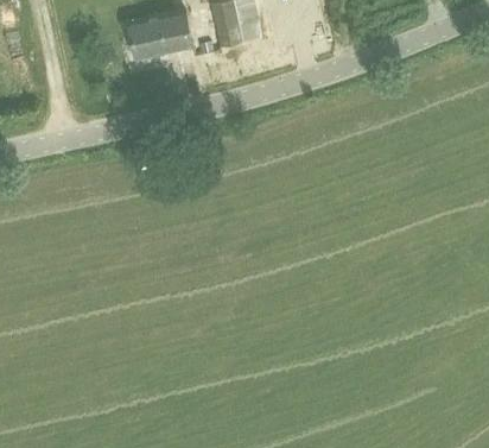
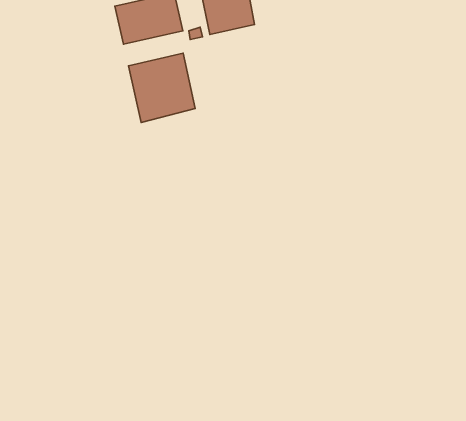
building: none -> [128,53,195,123]

